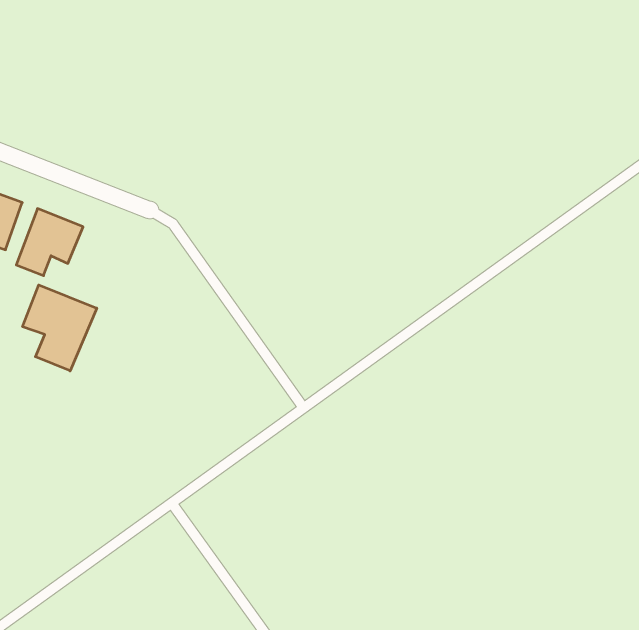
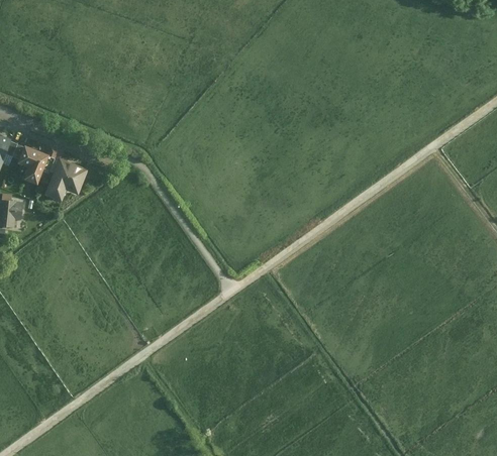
building: [23,285,97,371] -> none

